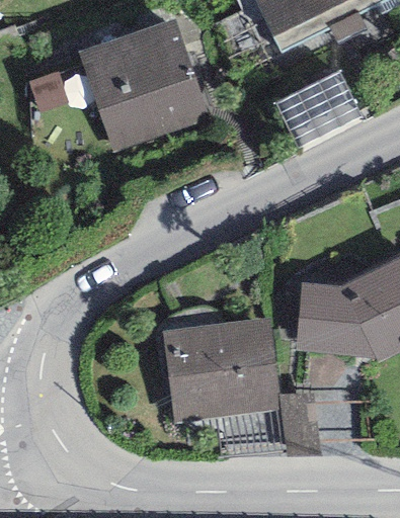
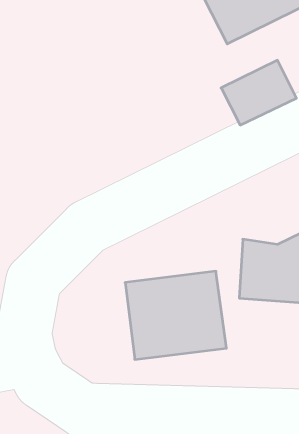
building: [77,16,211,151] -> none

